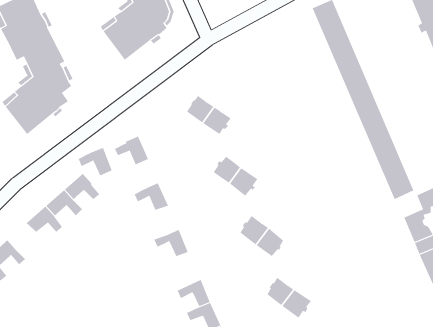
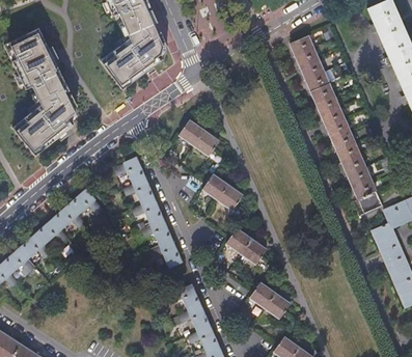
building: [78,147,113,176] -> [122,177,154,203]
building: none -> [140,219,172,245]
building: none -> [19,235,53,258]

